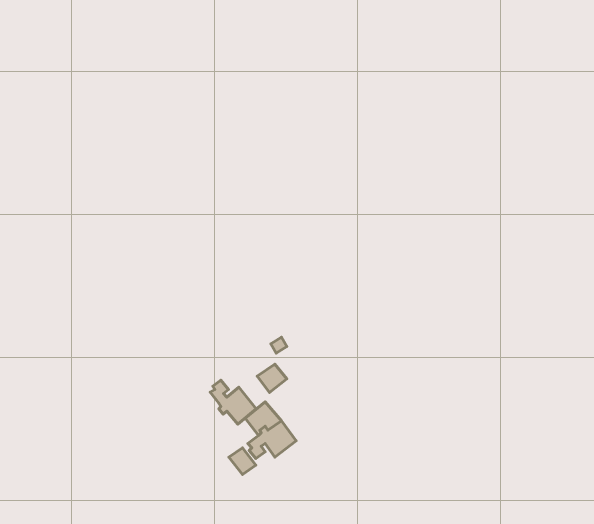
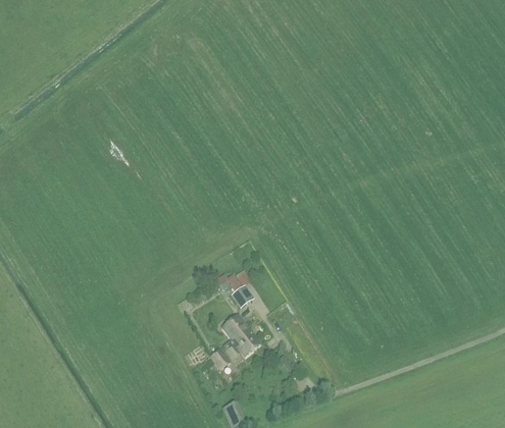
building: [210,380,256,424] -> none

